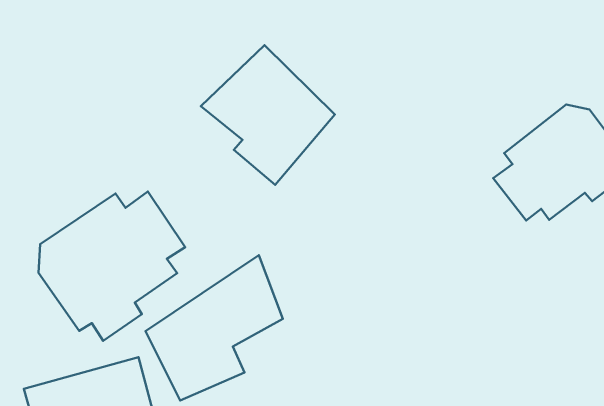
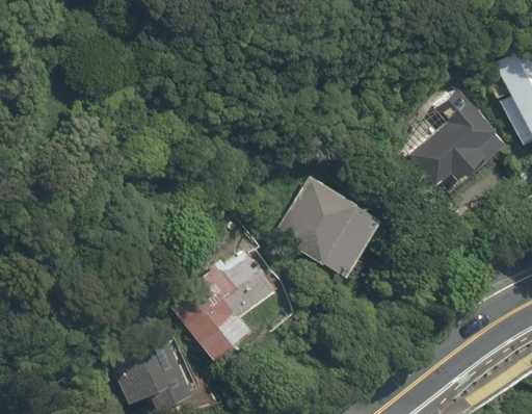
building: [201,45,335,185] -> [277,178,376,279]
building: [39,191,185,341] -> none

